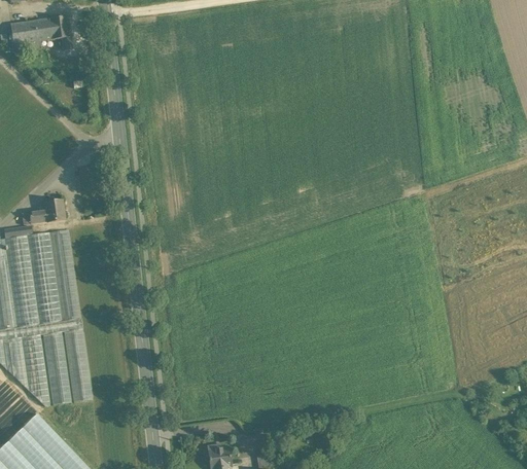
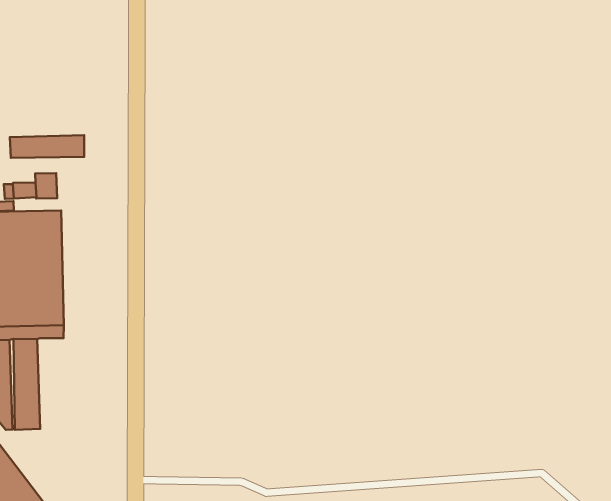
building: none -> [10,135,84,158]
building: [62,329,91,402] -> none

